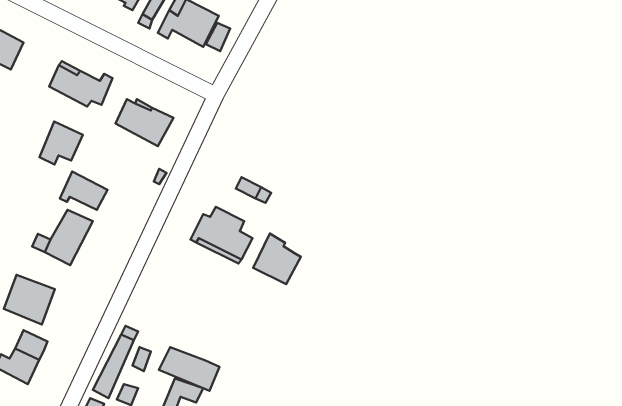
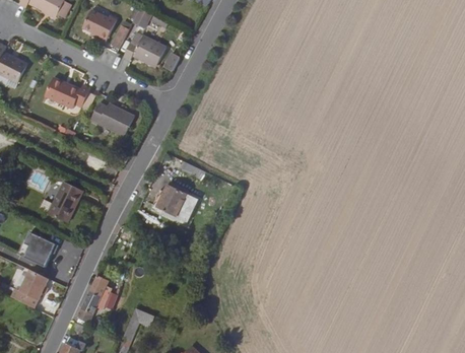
building: [39,121,83,165] -> none
building: [60,171,107,210] -> none
building: [253,234,301,284] -> none
building: [159,347,220,391] -> none

